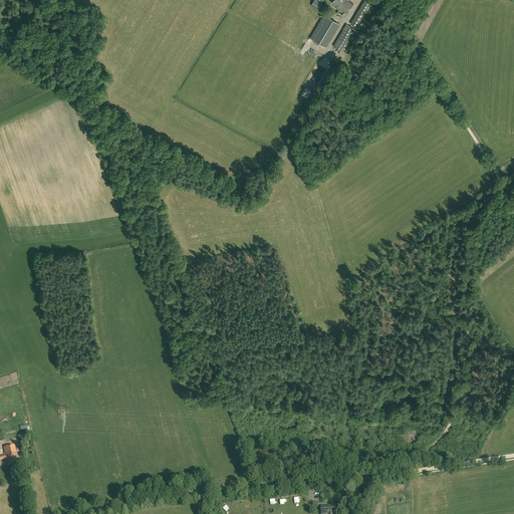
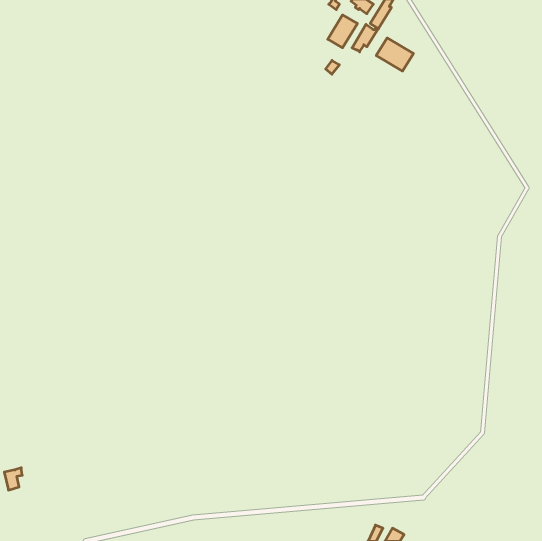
building: none -> [376,38,413,71]

